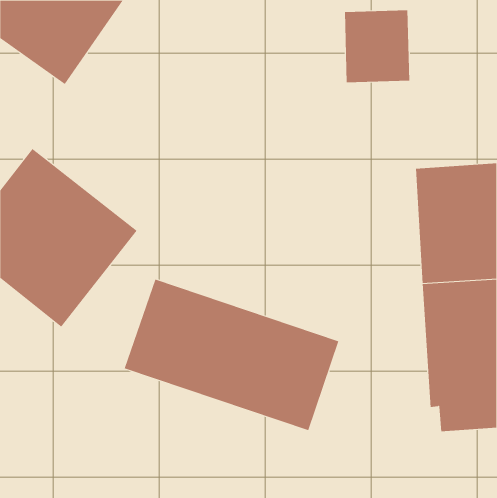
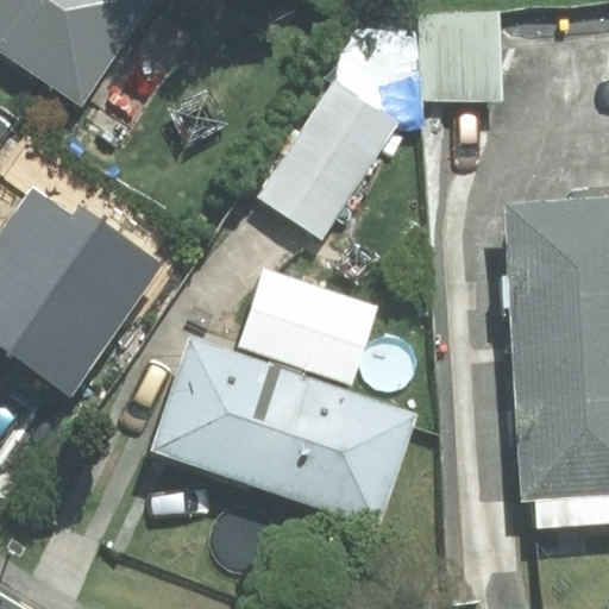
building: none -> [258,82,396,238]
building: none -> [238,270,375,383]

